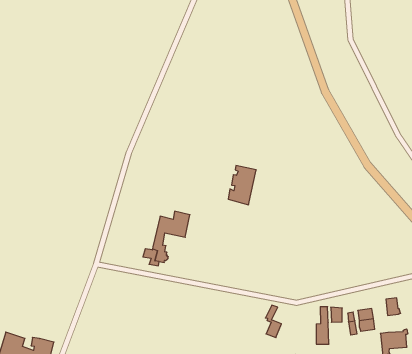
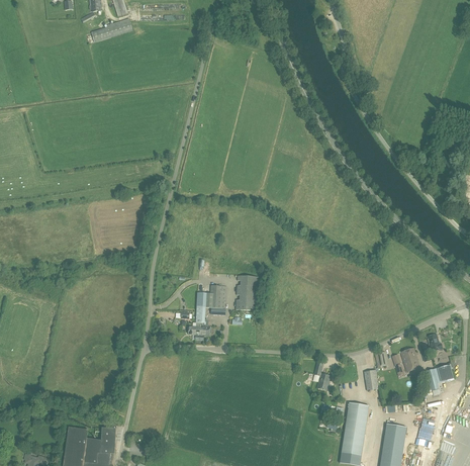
building: [228,166,256,205] -> [234,276,257,311]

